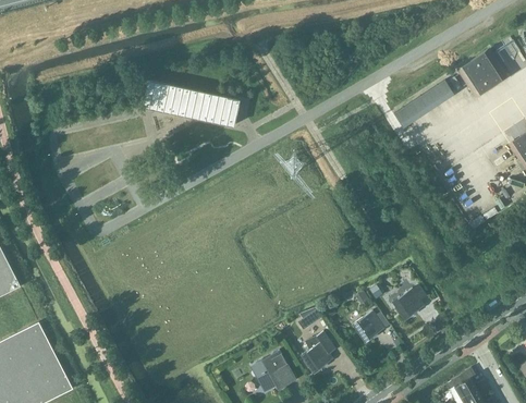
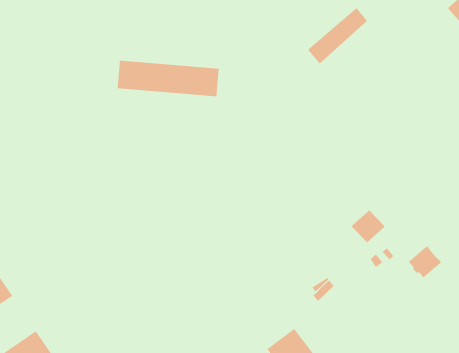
building: [396,77,456,126] -> [307,7,368,65]
building: [353,310,384,342] -> [351,209,385,243]
building: [302,331,335,373] -> none

